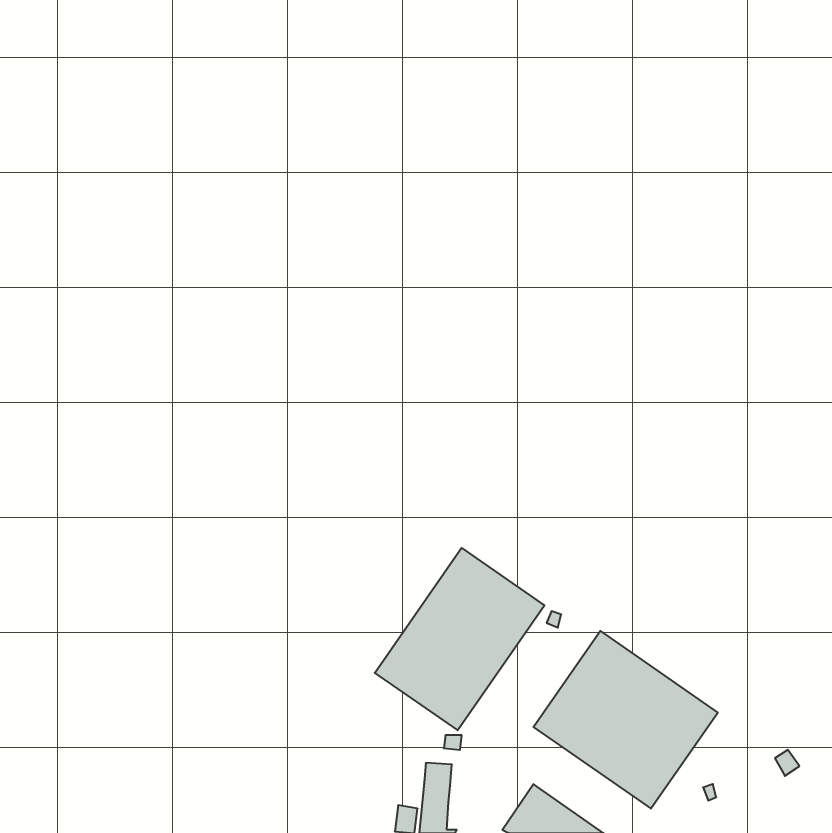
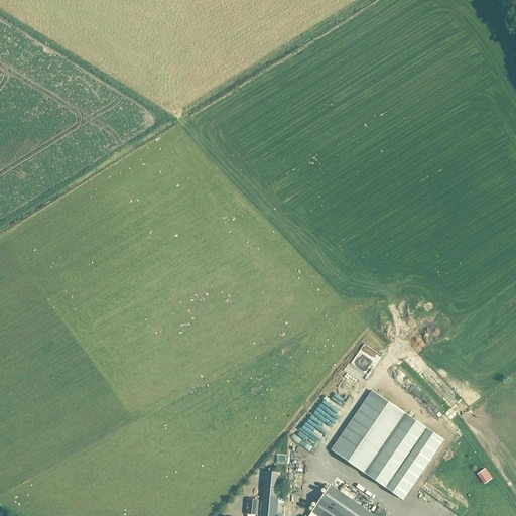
building: [375,548,544,730] -> none

